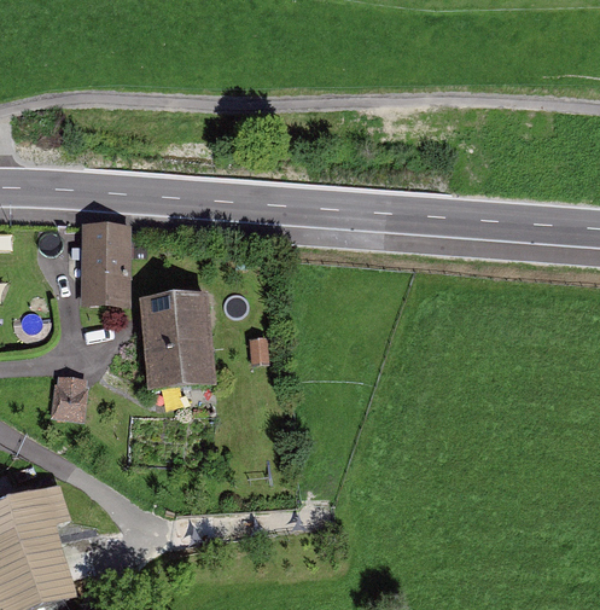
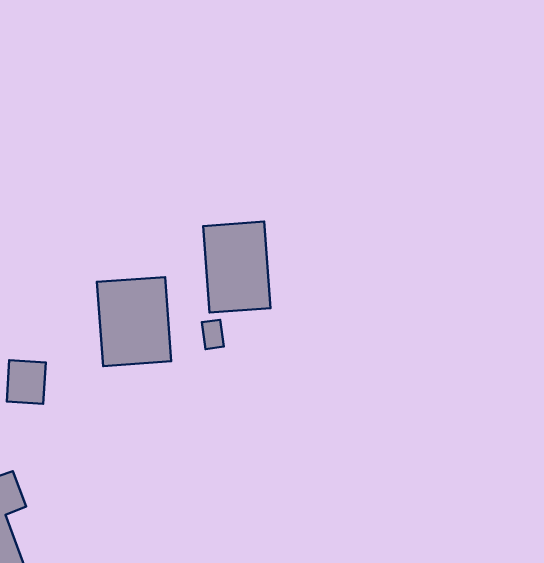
building: [78,223,128,307] -> none
building: none -> [203,222,271,313]

